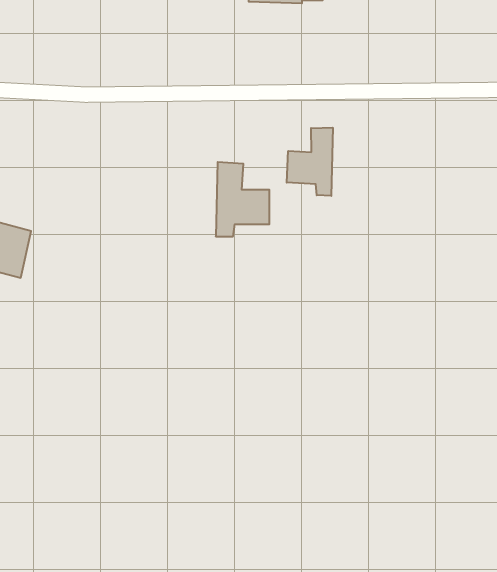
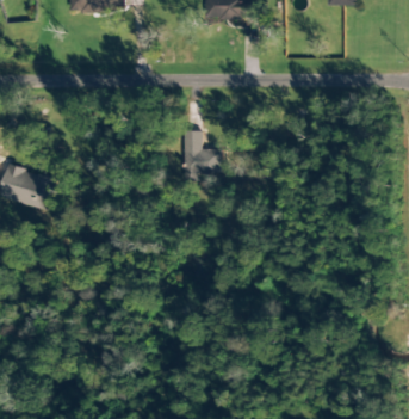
building: [287,128,333,196] -> none

